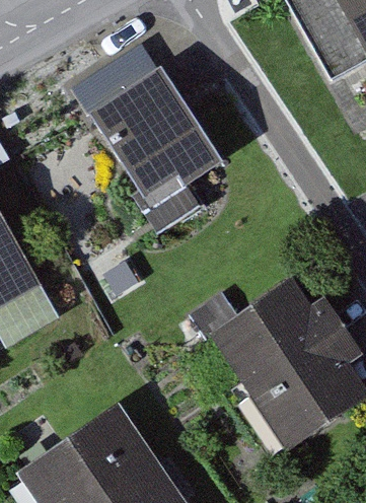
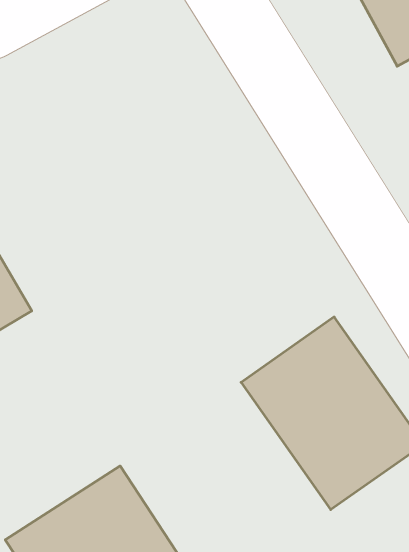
building: [88,65,224,205] -> none

